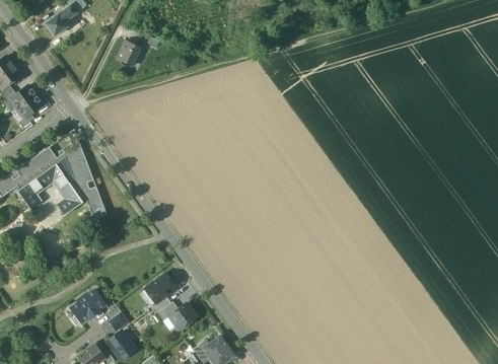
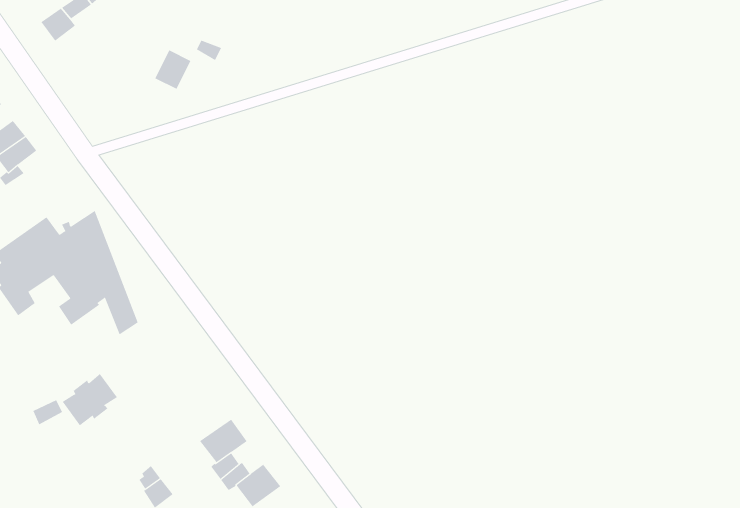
building: [70,289,105,322] -> [62,373,118,426]

